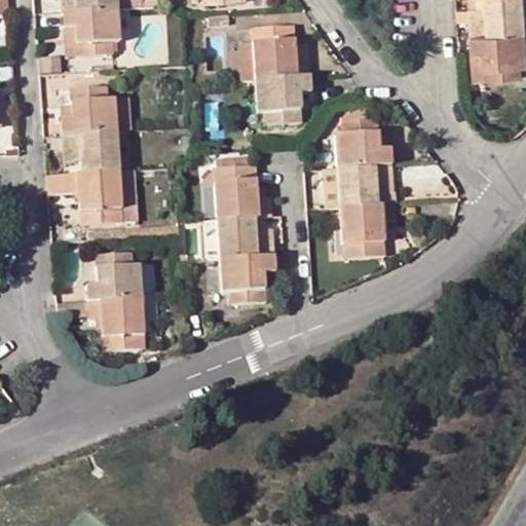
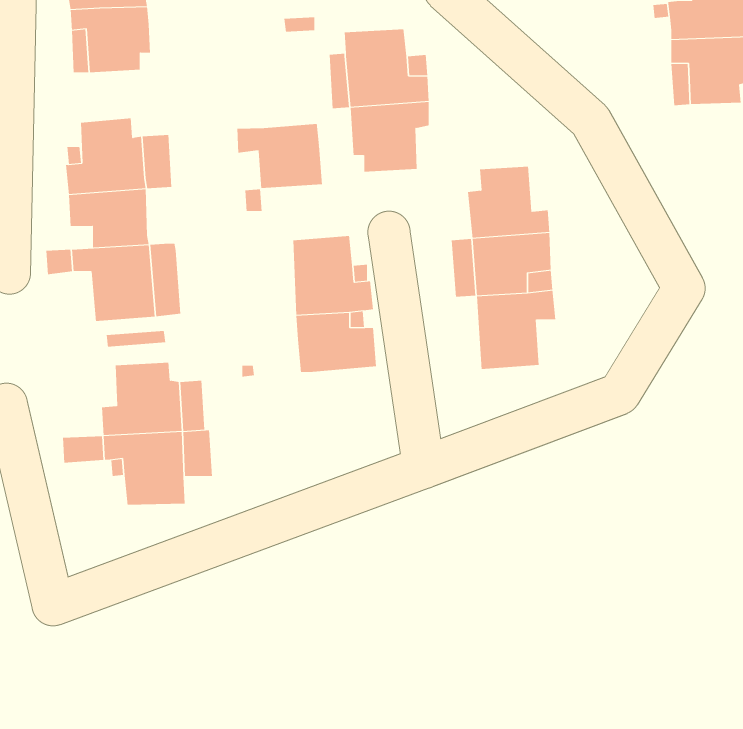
building: none -> [237,123,322,189]
building: [221,255,274,303] -> none

